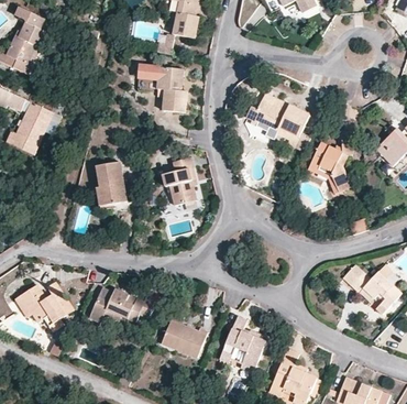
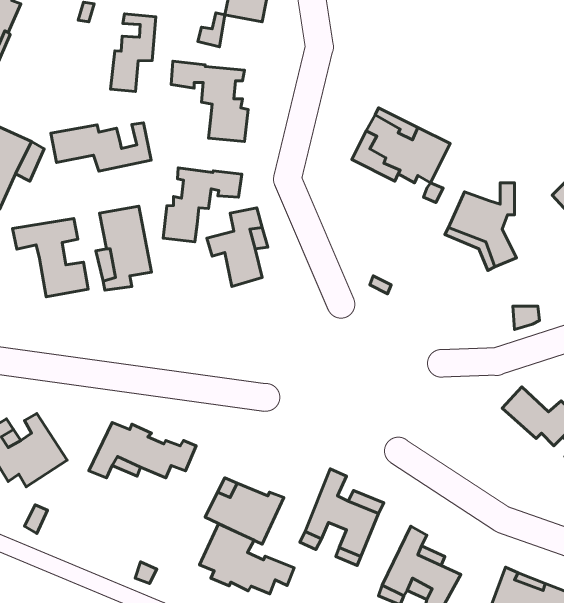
building: none -> [111,14,156,92]
building: none -> [51,123,151,171]
building: none -> [163,168,242,242]
building: none -> [13,219,88,297]
building: none -> [200,524,294,594]

